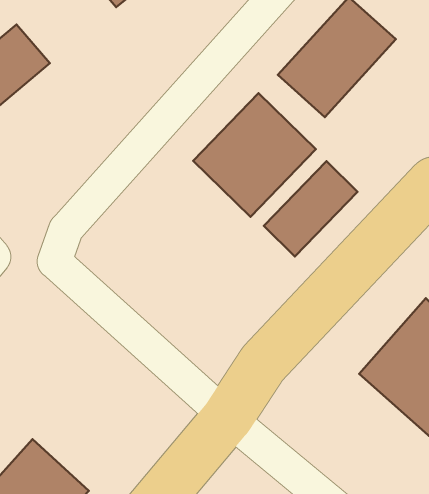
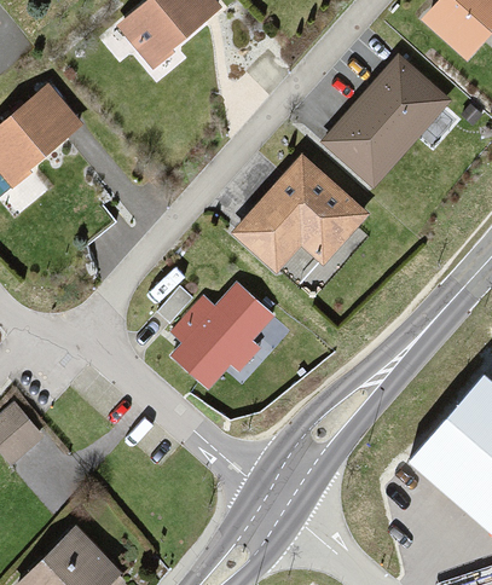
building: [264,161,357,256] -> none
building: none -> [172,284,280,392]

